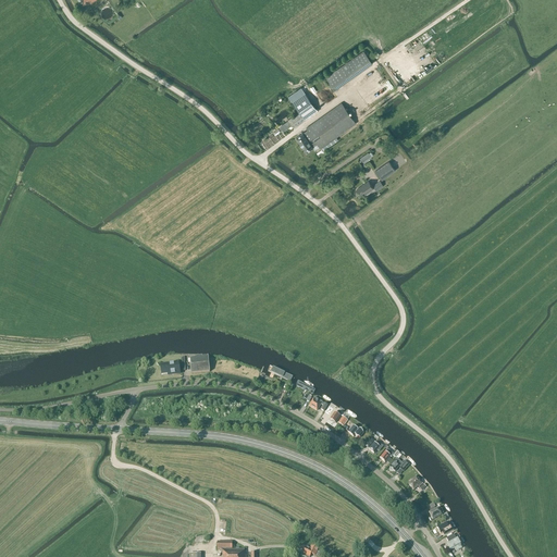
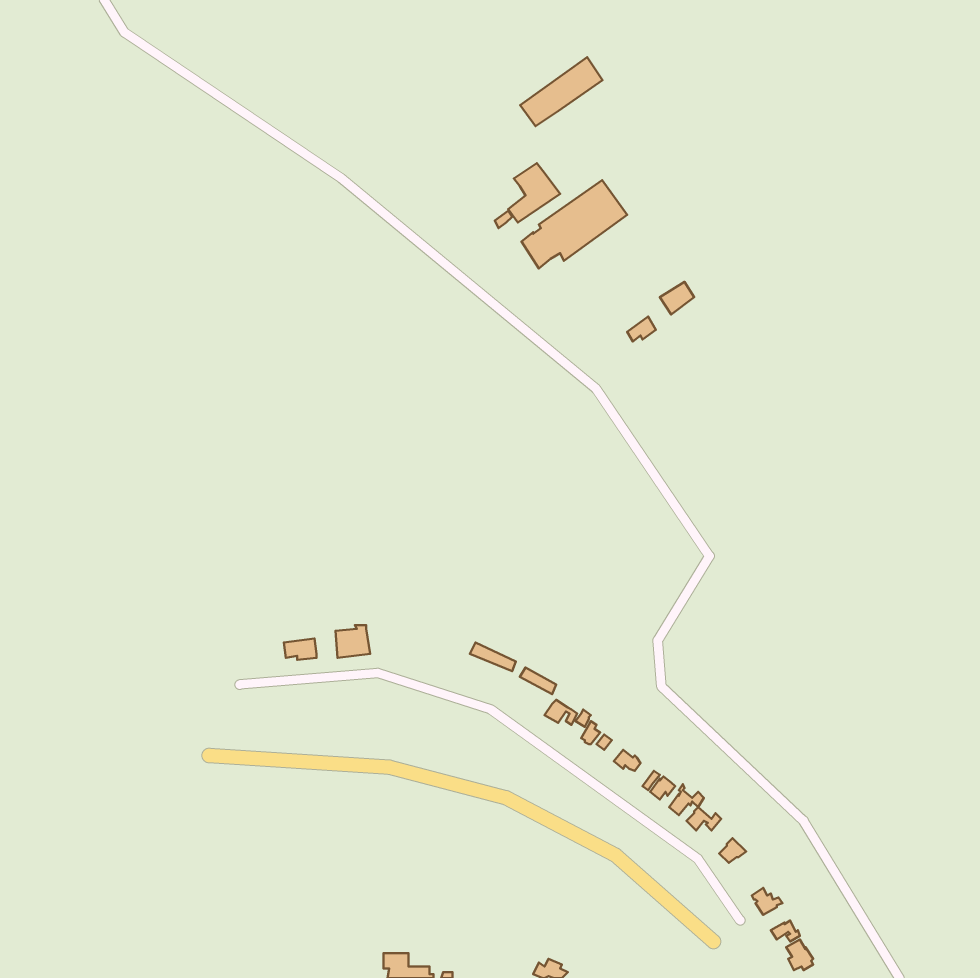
building: [325,50,372,89] -> [520,57,603,126]

